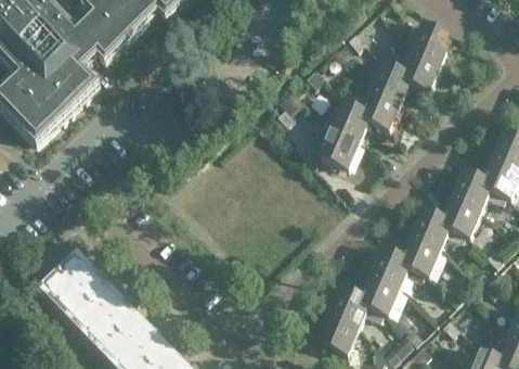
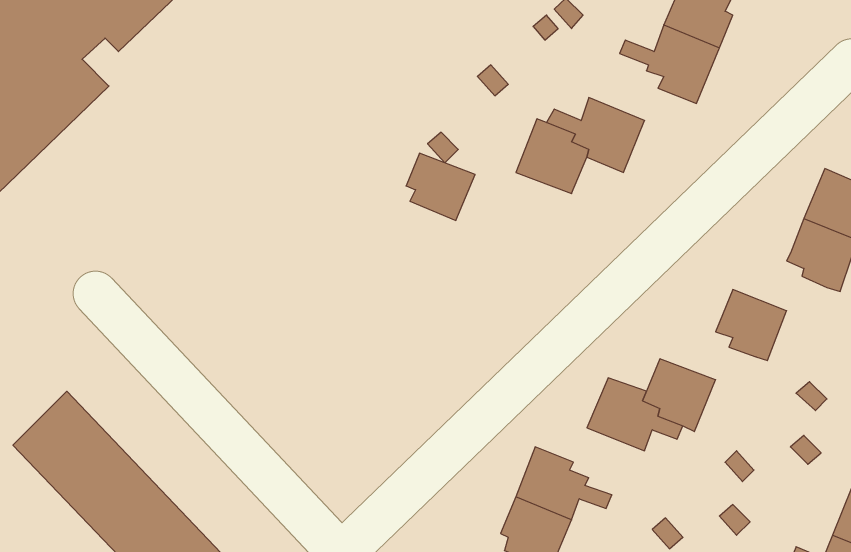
building: [369,61,412,101] -> none
building: [321,130,360,168] -> [406,153,475,220]
building: [451,167,504,208] -> none
building: [410,206,464,247] -> none
building: [359,275,401,316] -> none

